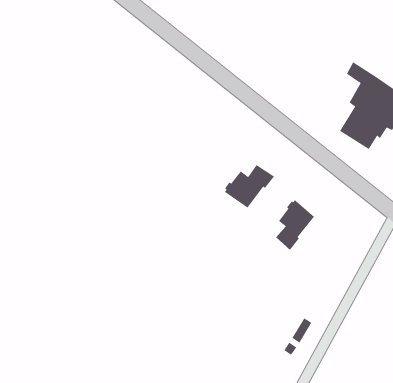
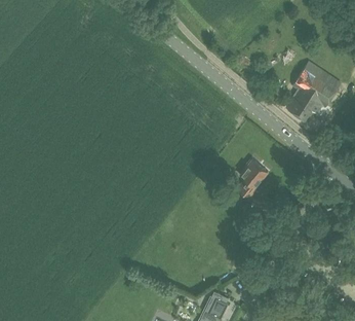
building: [223,164,275,209] -> none

